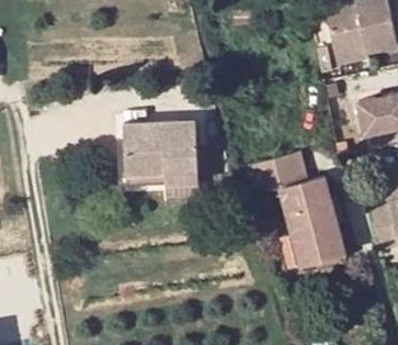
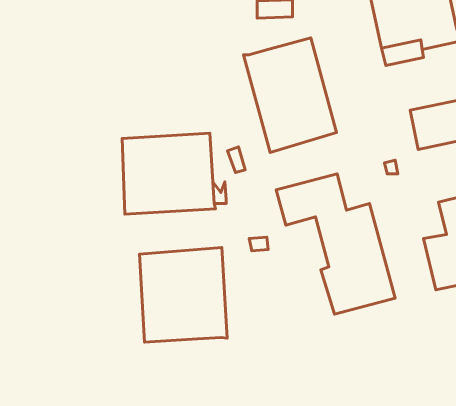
building: none -> [244,38,336,153]
building: none -> [139,247,227,342]

